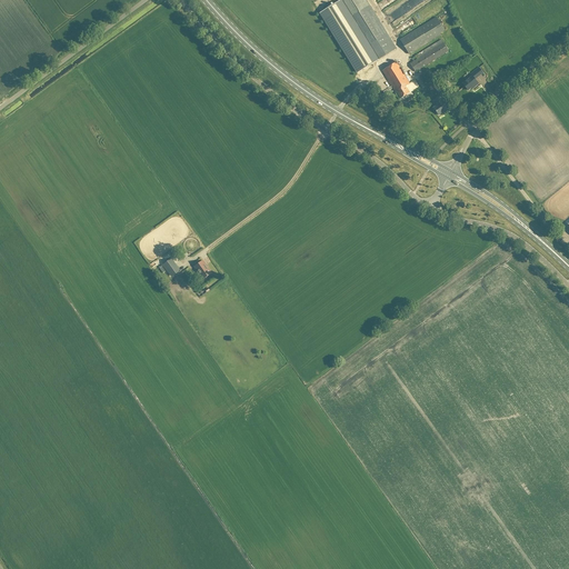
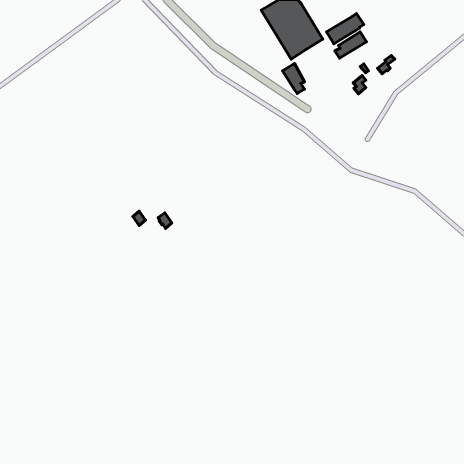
building: [381,61,408,98] -> [283,64,304,94]

